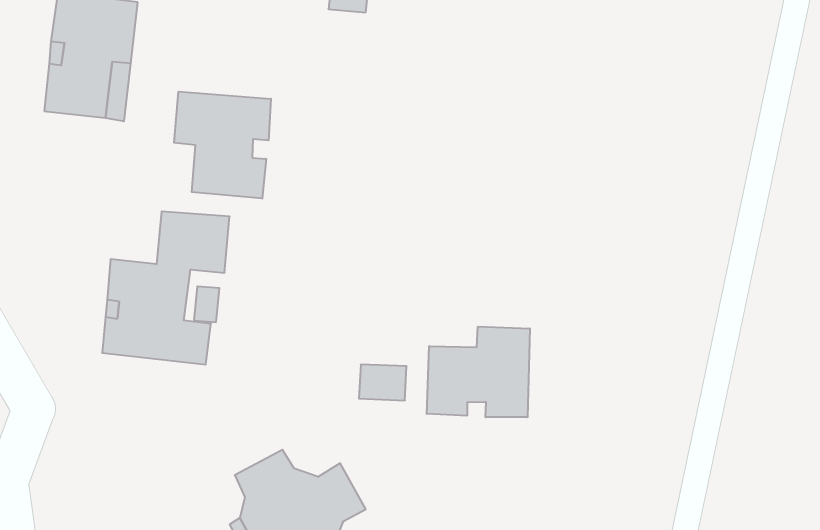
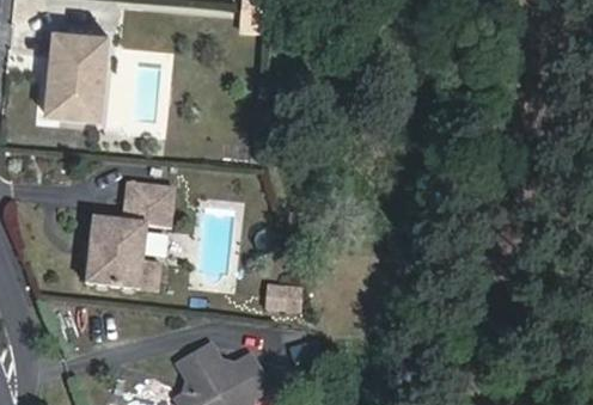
building: [174,92,271,199] -> none
building: [427,327,530,417] -> none

